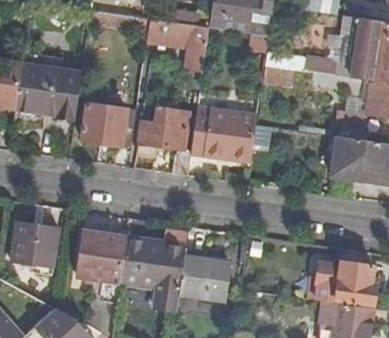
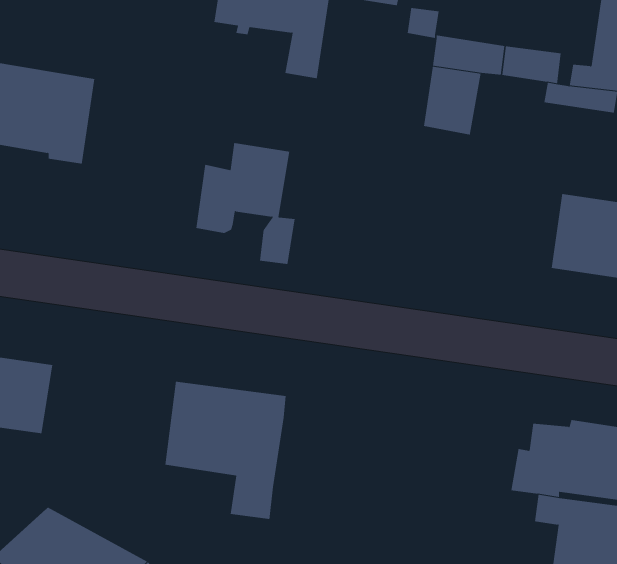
building: [86,103,131,145] -> none
building: [191,105,258,157] -> none
building: [77,231,125,283] -> none
building: [179,257,231,302] -> none

